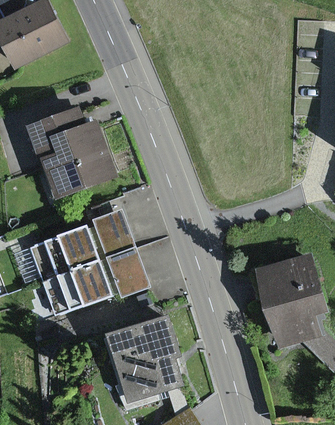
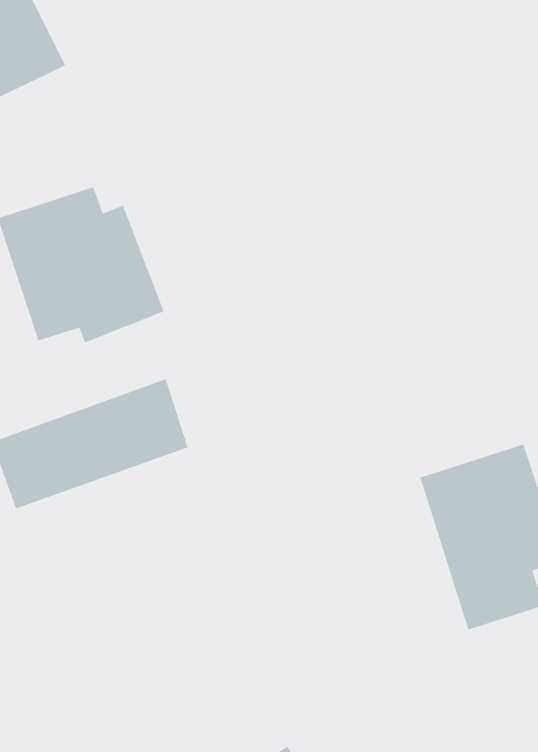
building: [37,250,143,319] -> none
building: [108,315,184,403] -> none

